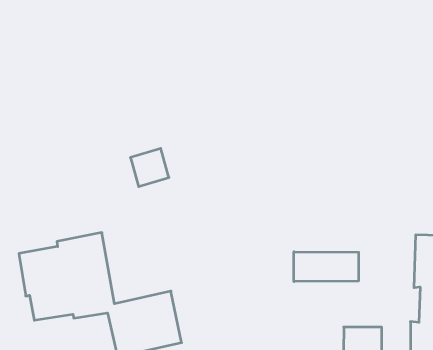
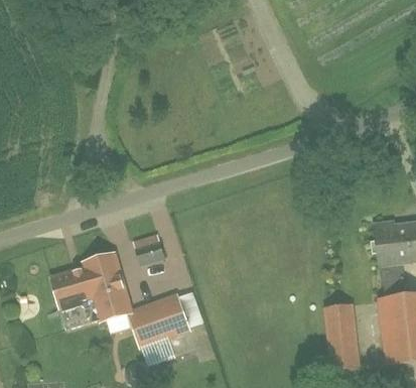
building: [130,148,169,187] -> [131,230,164,263]
building: [294,252,359,282] -> none

